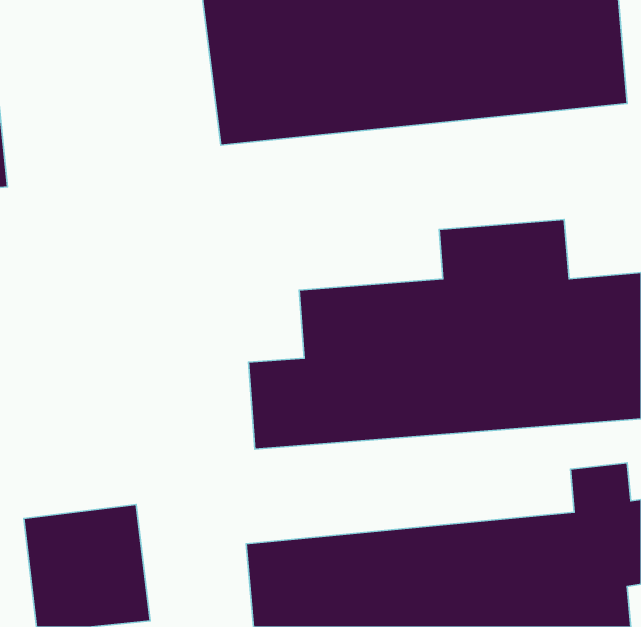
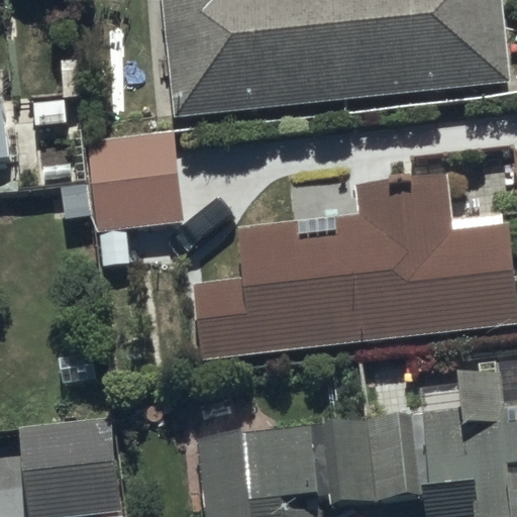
building: none -> [83,130,181,265]

